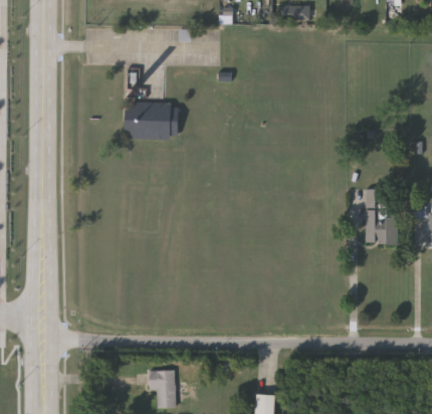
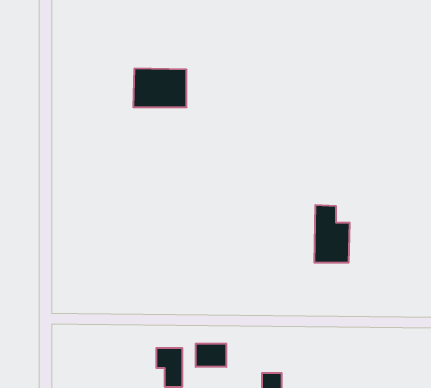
building: [364,188,398,243] -> [314,205,350,263]
building: none -> [196,344,226,367]

